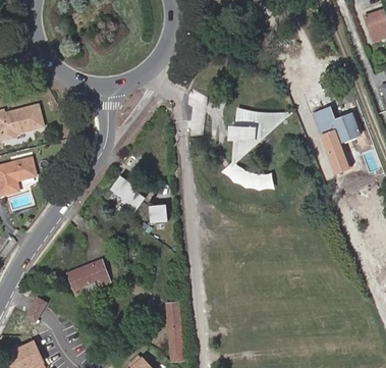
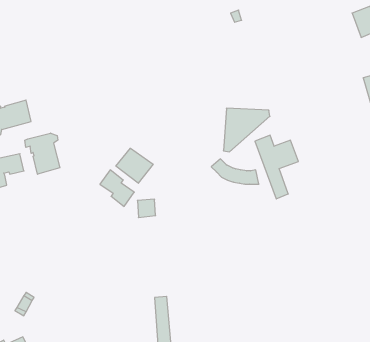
building: [315,108,359,172] -> [255,135,298,199]
building: none -> [25,133,60,174]
building: none -> [116,148,153,183]
building: [69,260,107,293] -> none

